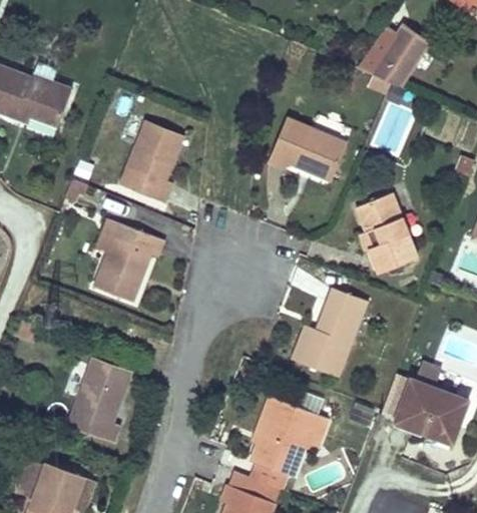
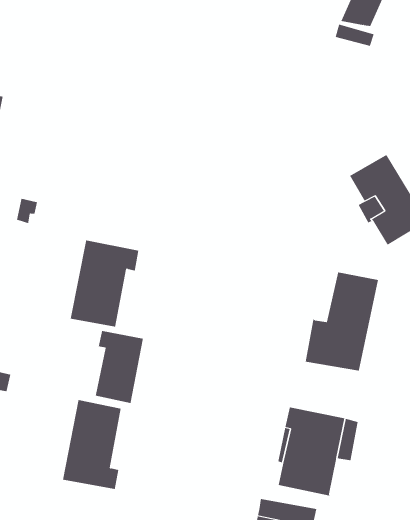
building: [272,118,347,179] -> none
building: [122,123,183,201] -> none
building: none -> [95,330,144,404]

